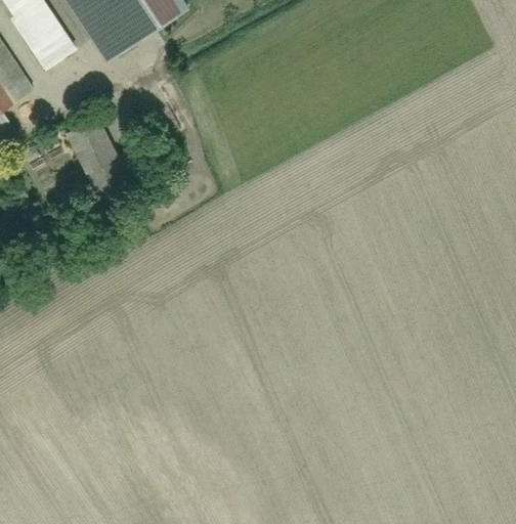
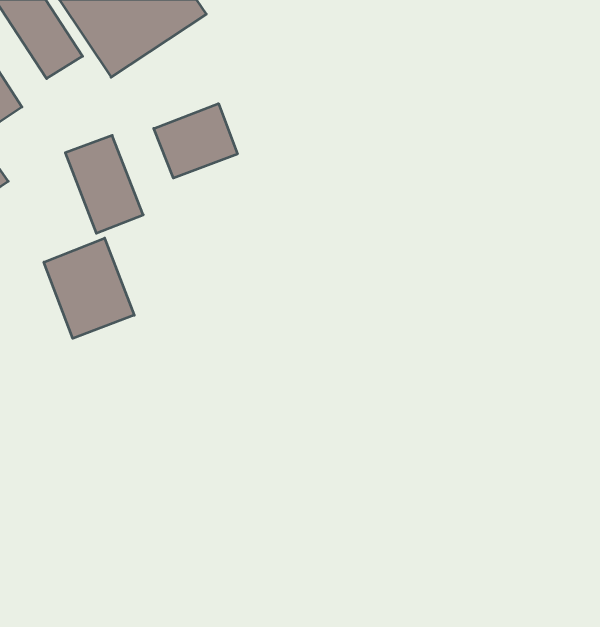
building: none -> [154,104,237,178]
building: none -> [44,238,134,338]

